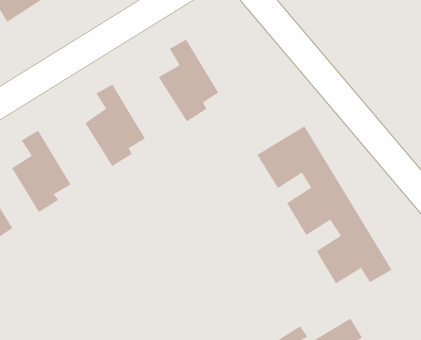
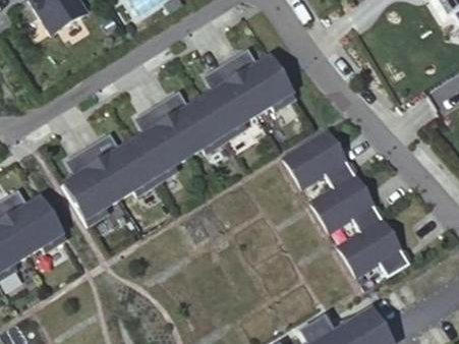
building: none -> [219,43,287,103]
building: none -> [151,85,219,146]
building: none -> [81,127,150,188]

